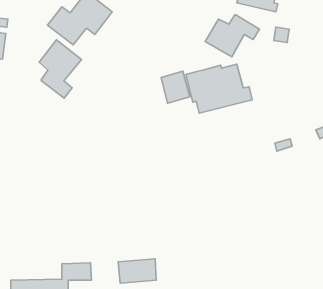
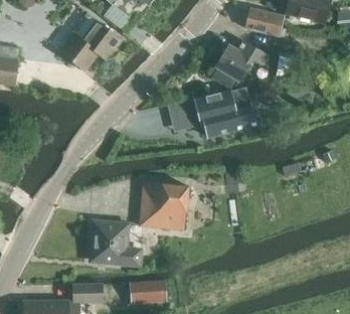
building: [39,40,81,98] -> none
building: none -> [140,182,188,229]
building: none -> [91,221,140,265]

